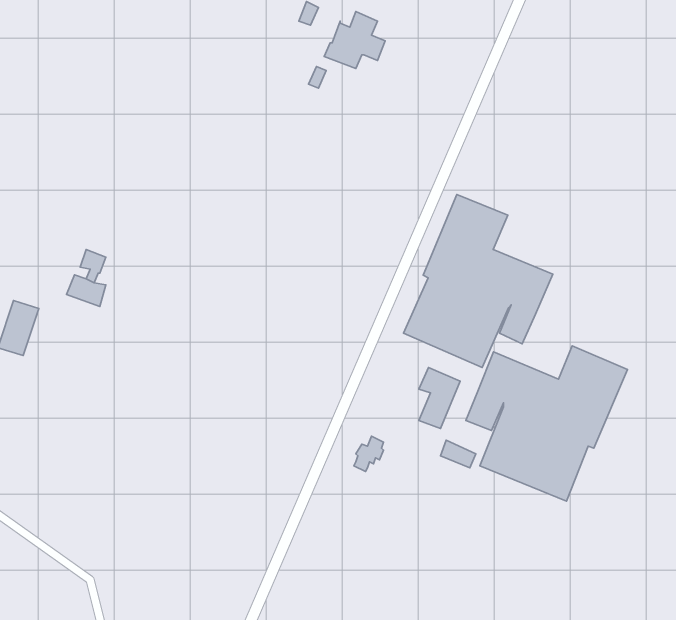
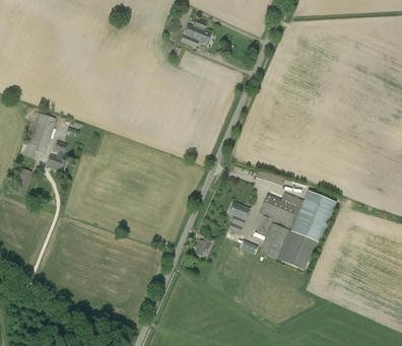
building: none -> [24,112,55,154]
building: [404,194,553,367] -> none

